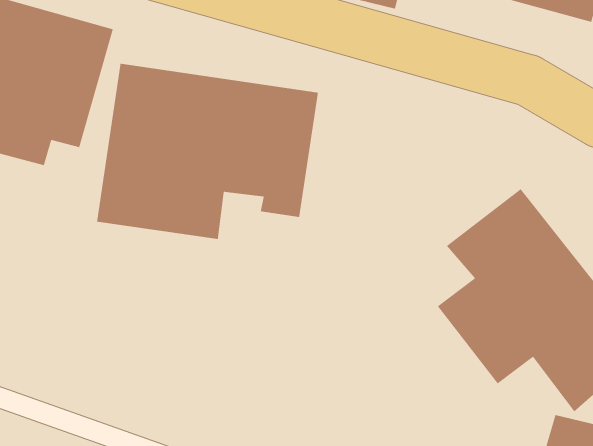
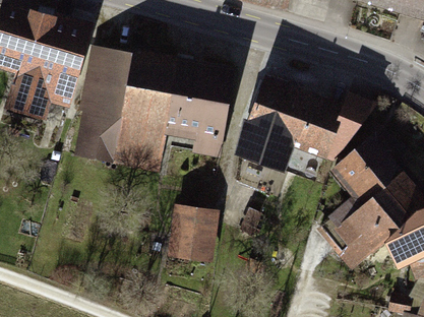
building: none -> [231,75,373,172]
building: none -> [167,204,219,259]

